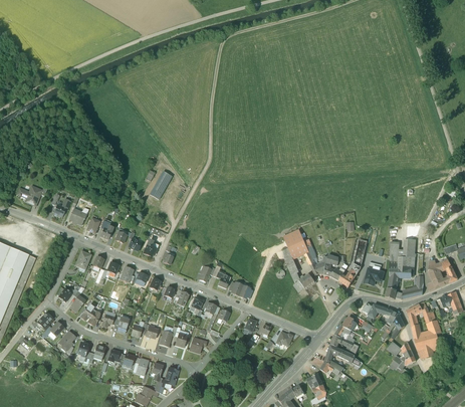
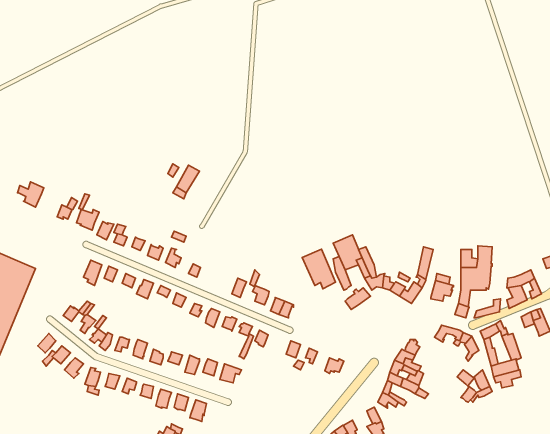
building: none -> [302,249,335,289]

